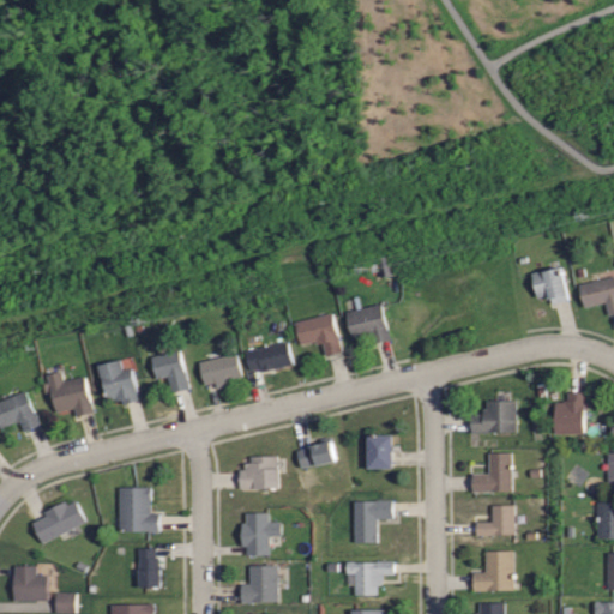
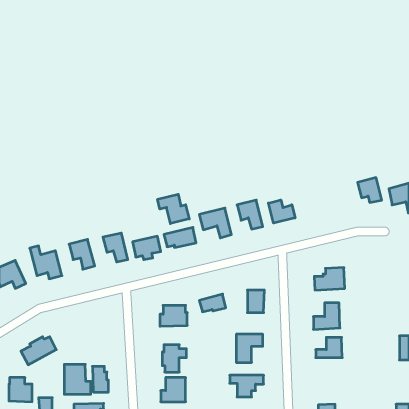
building: none -> [158,194,189,224]
building: none -> [268,200,295,223]
building: [550,393,583,438] -> none
building: [119,488,158,532] -> [64,364,91,394]
building: [469,552,508,592] -> none

